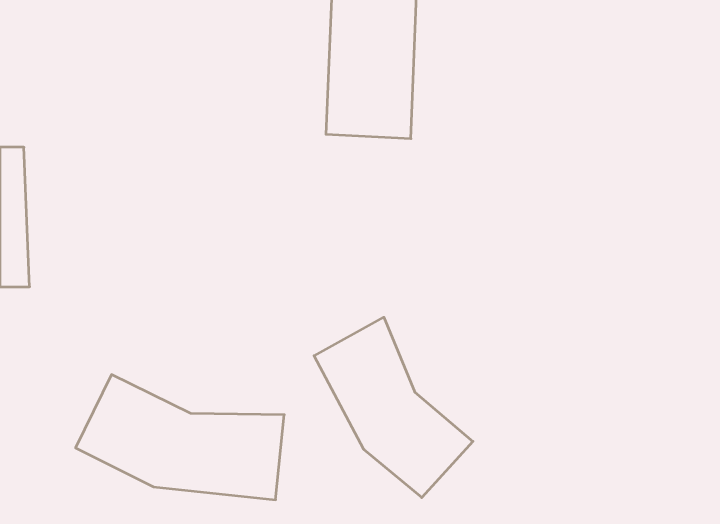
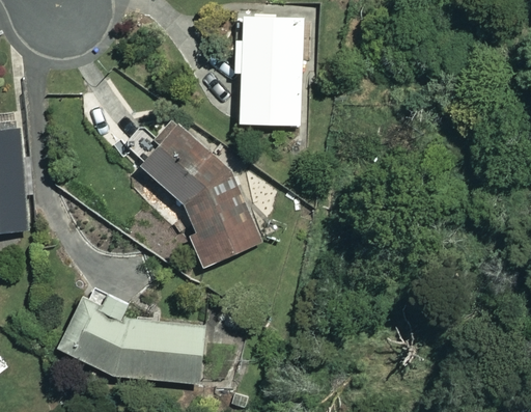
building: none -> [135,122,260,263]
building: [314,317,473,498] -> none

